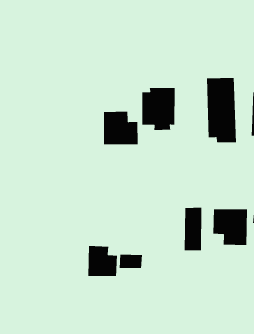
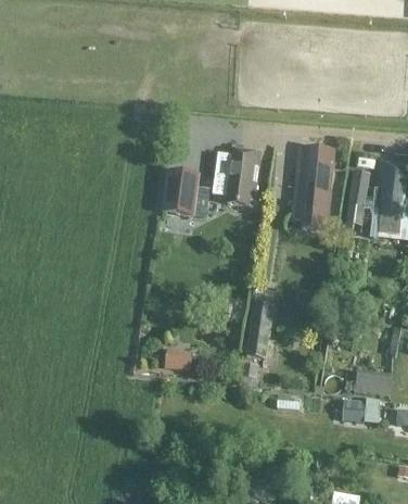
building: [212,208,248,246] -> none
building: [87,245,118,277] -> none

